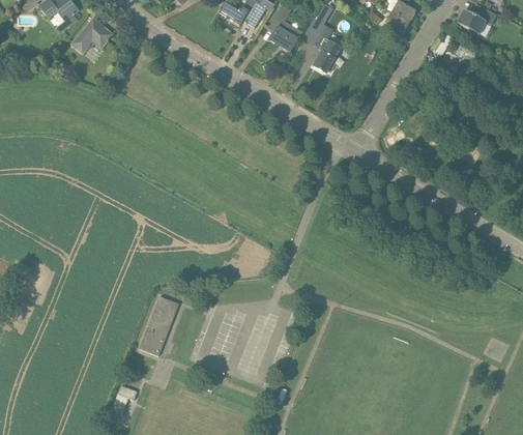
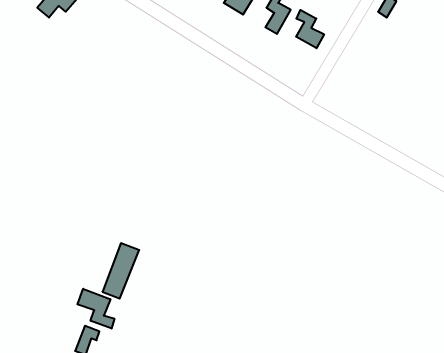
building: none -> [296,10,324,48]
building: none -> [77,289,114,329]

